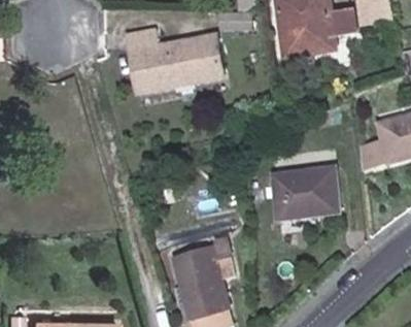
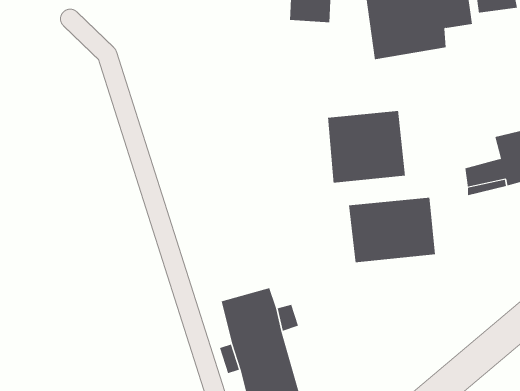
building: [126,33,212,93] -> none
building: none -> [328,110,405,183]

